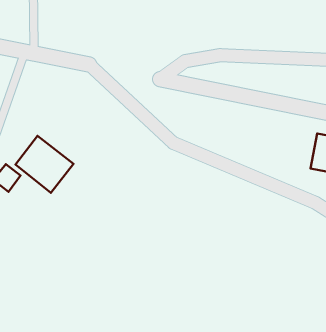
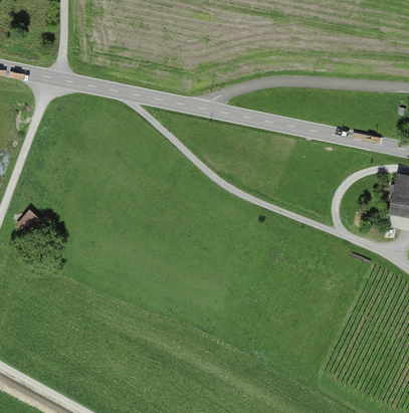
building: [15,136,74,193] -> none

